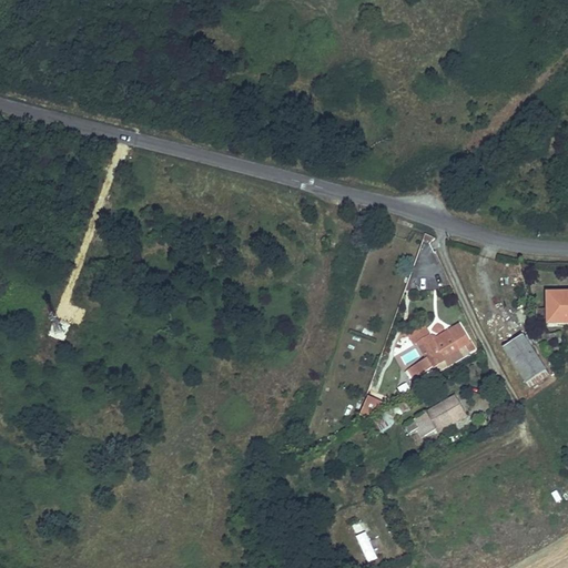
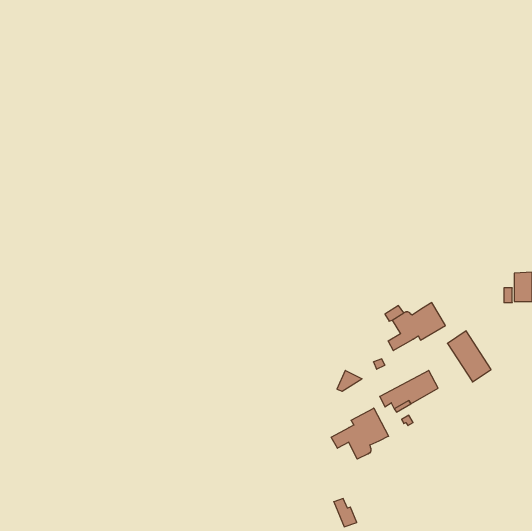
building: [503,331,549,385] -> [447,331,491,382]
building: none -> [331,408,389,459]

